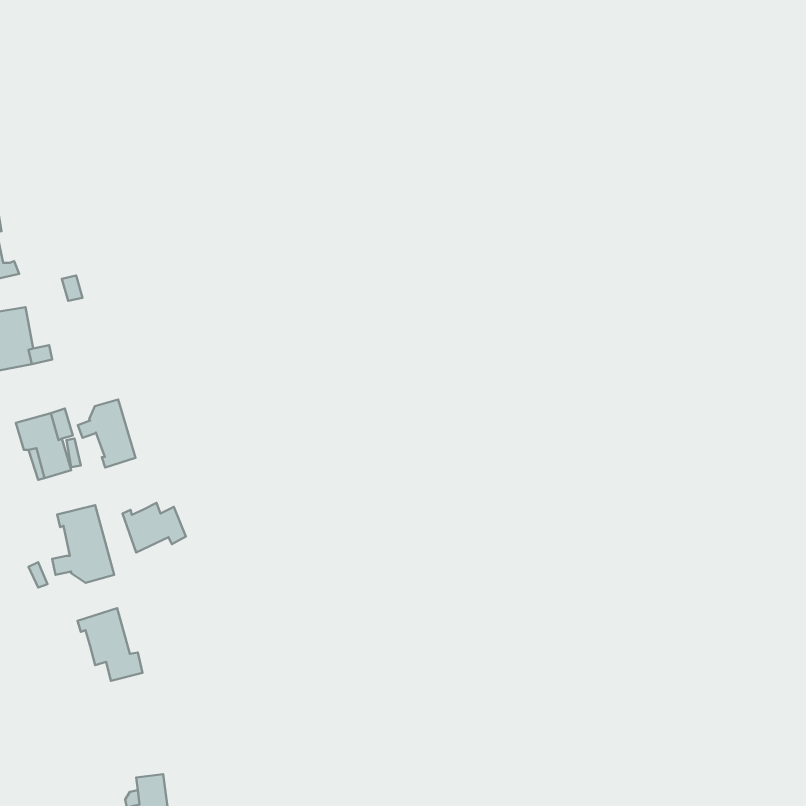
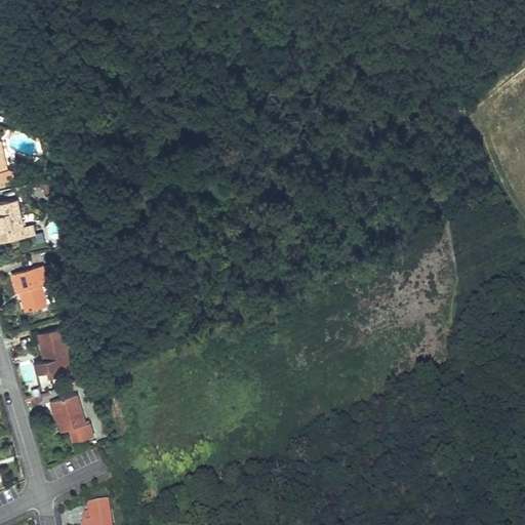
building: [78,399,136,468] -> none
building: [122,503,186,553] -> none

